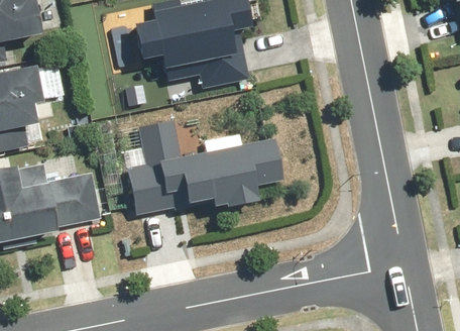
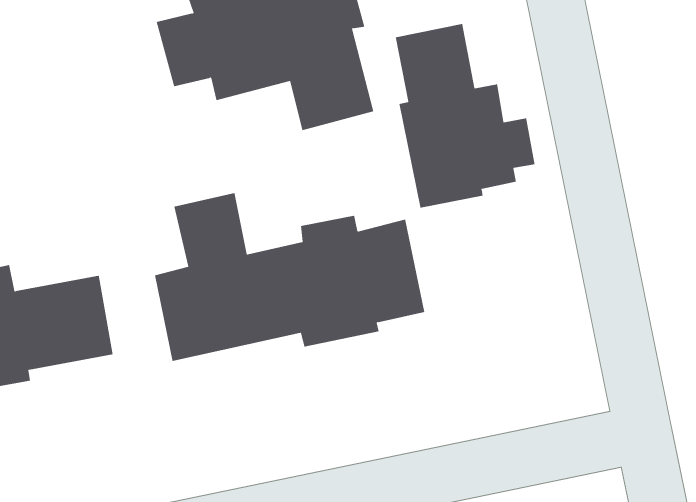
building: none -> [395,23,535,208]

